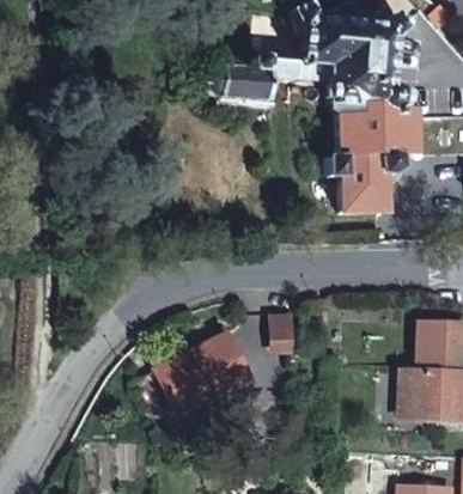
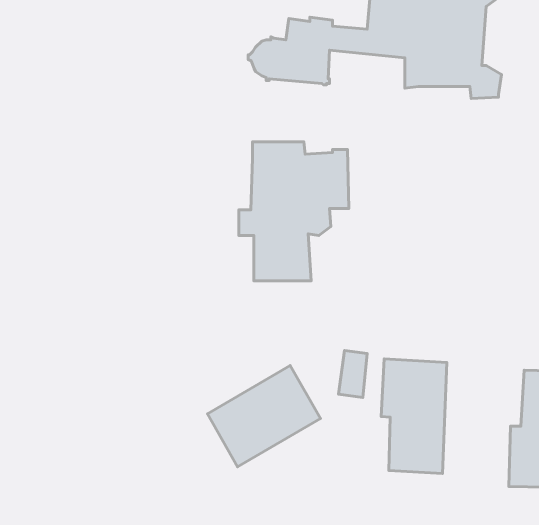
building: [323,104,410,214] -> [239,142,349,281]
building: none -> [381,359,447,474]

